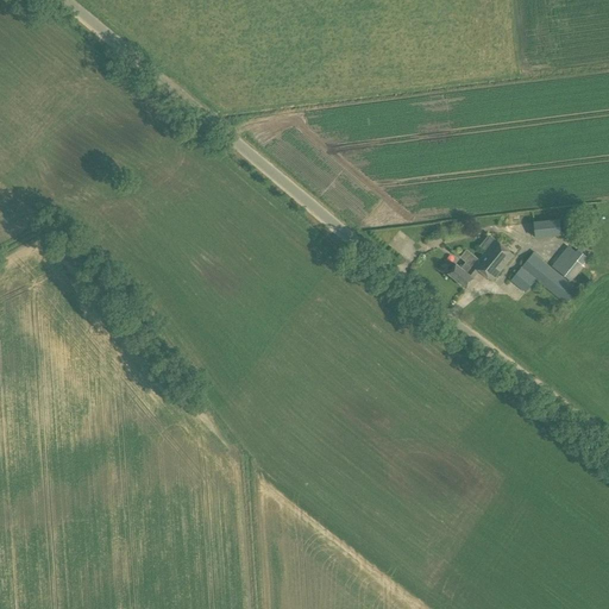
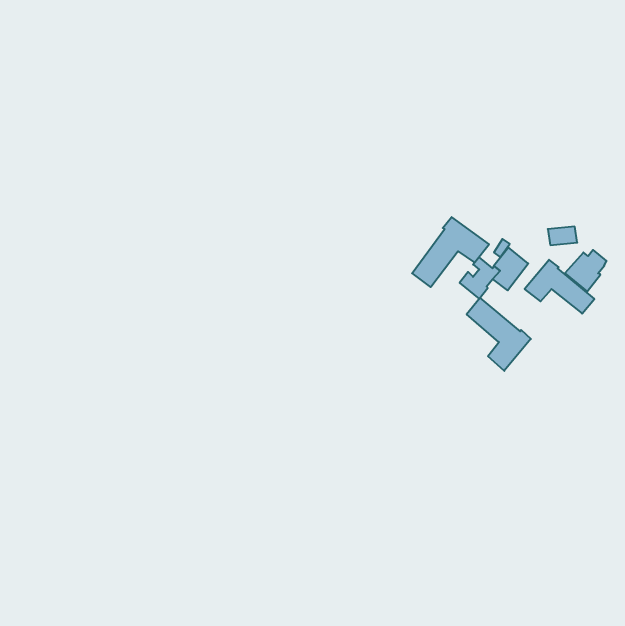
building: none -> [412,217,489,287]
building: none -> [467,298,531,371]

